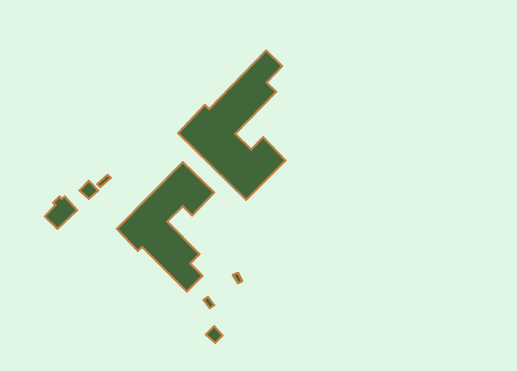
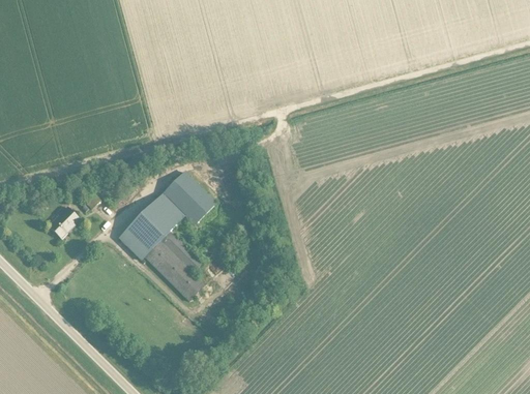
building: [178,51,286,200] -> none

